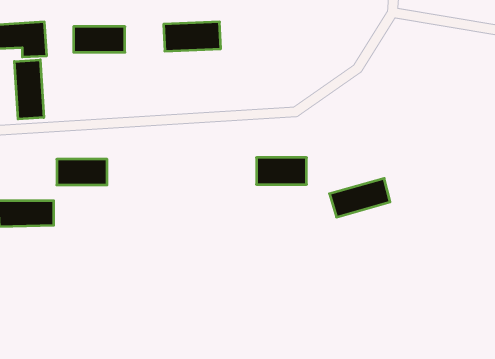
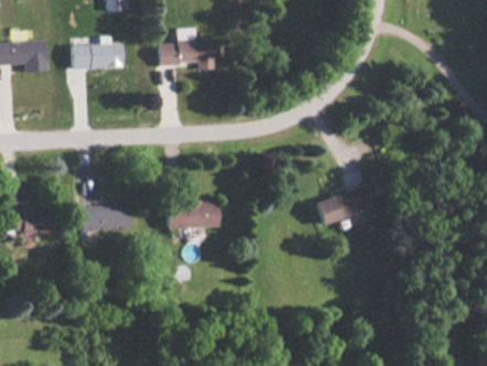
building: [14,60,44,119] -> none
building: [256,158,307,184] -> [172,202,219,227]
building: [57,159,107,185] -> [82,206,129,230]

